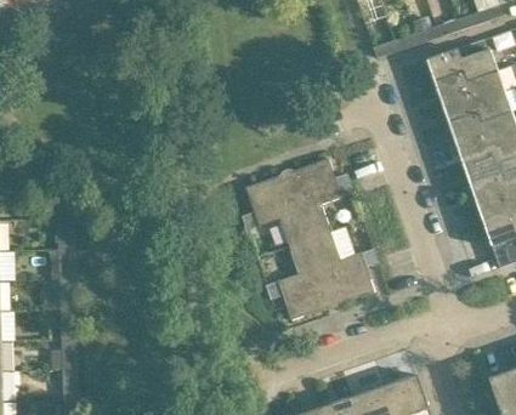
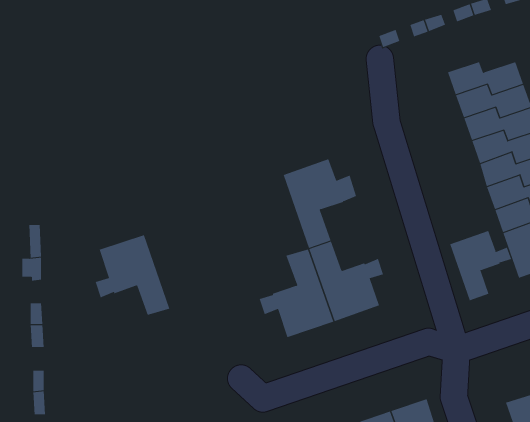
building: [427,40,497,81] -> none
building: [242,174,310,246] -> [95,235,170,316]
building: none -> [449,230,512,301]

